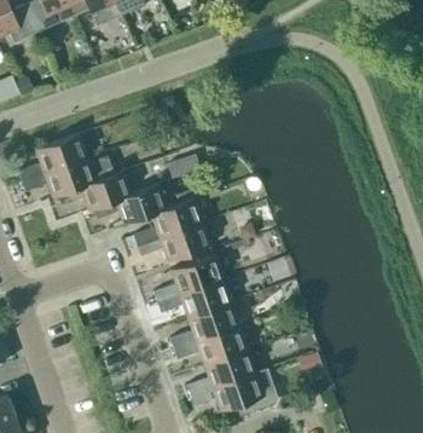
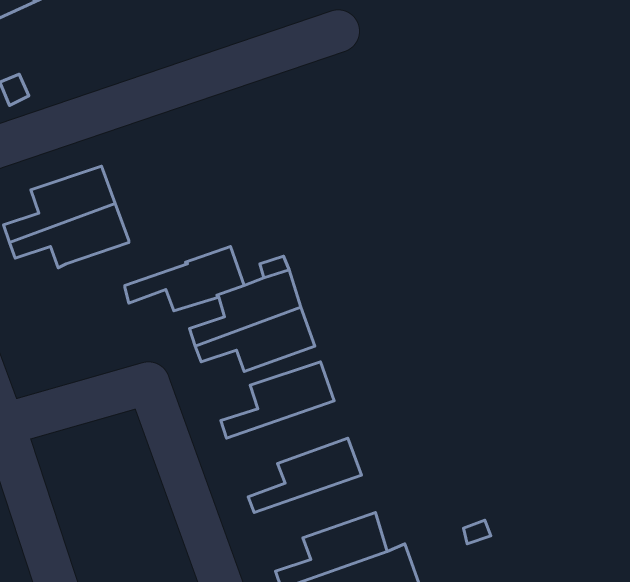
building: [57,169,132,209] -> none
building: [156,278,231,317] -> none
building: [173,324,248,363] -> none

